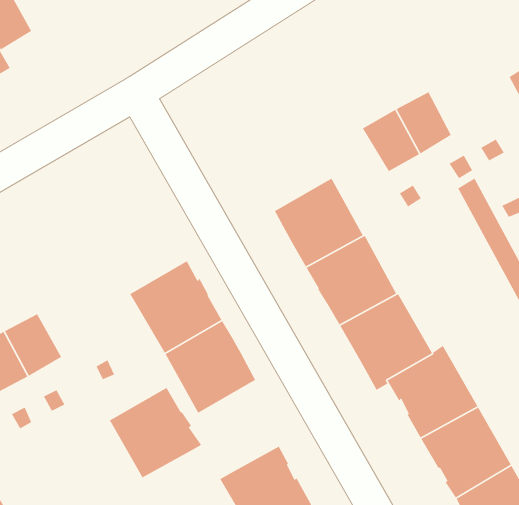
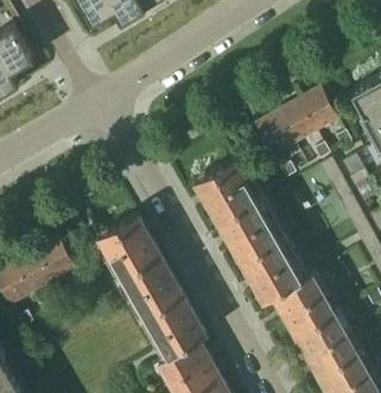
building: none -> [299,89,337,131]
building: none -> [36,237,75,280]
building: [109,387,202,479] -> [144,296,207,357]

